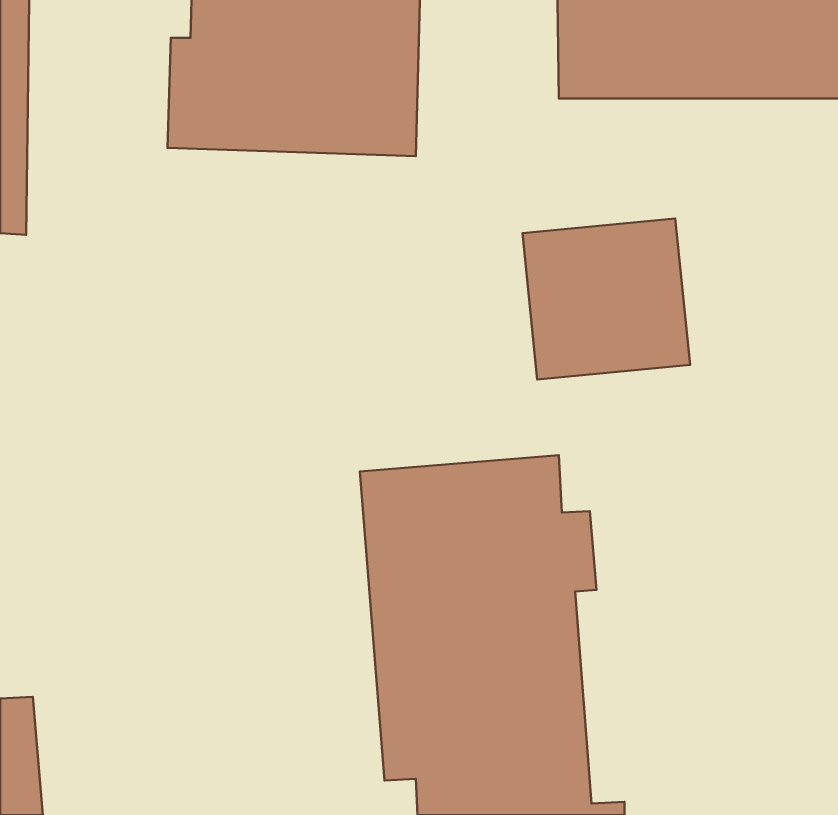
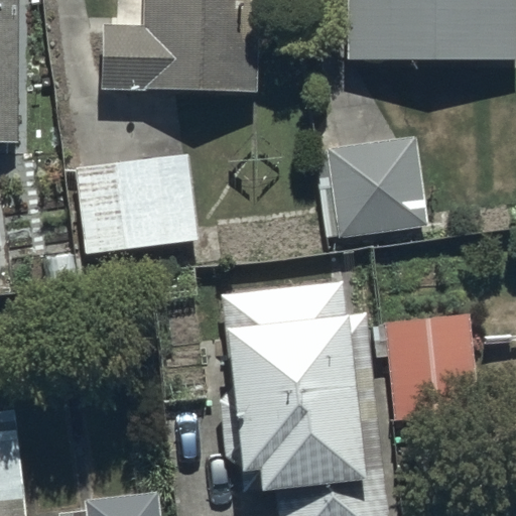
building: none -> [79,147,201,259]
building: none -> [383,314,476,421]

